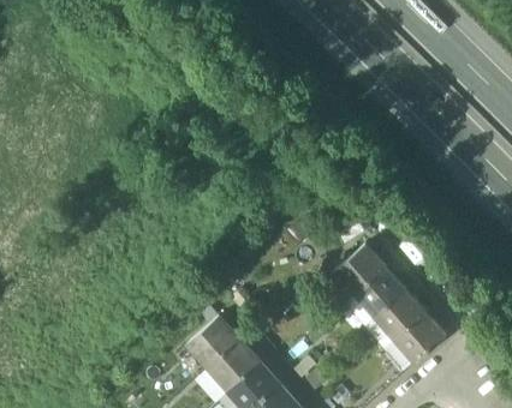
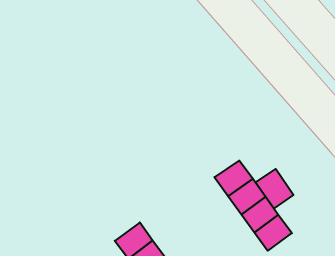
building: none -> [255,169,293,209]
building: [187,317,239,367] -> none

